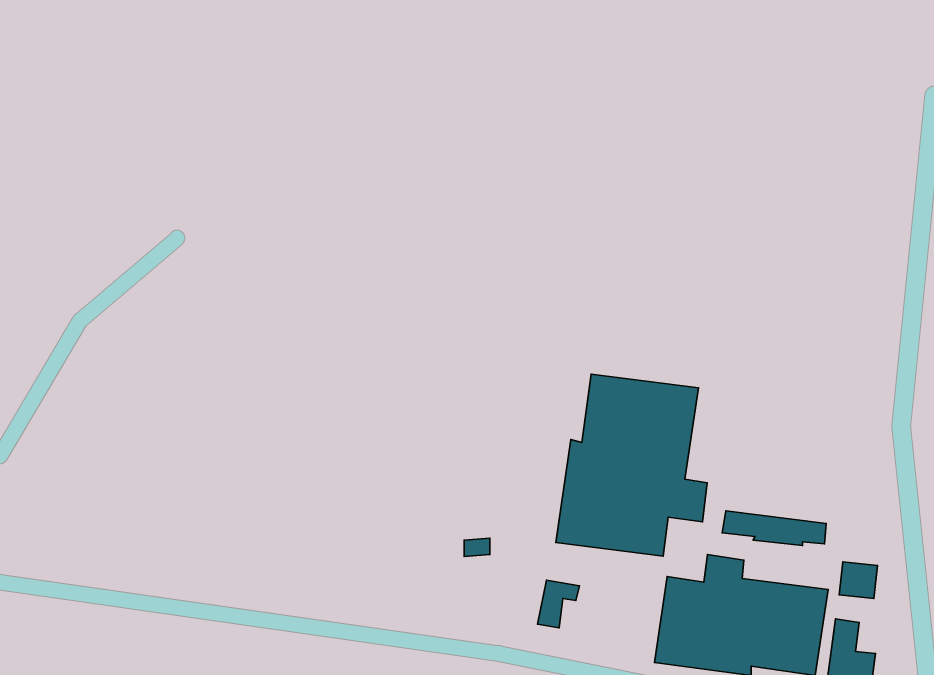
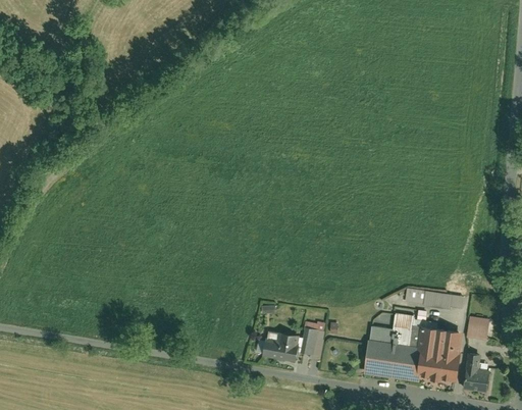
building: [556,374,707,556] -> none
building: none -> [261,330,300,363]

